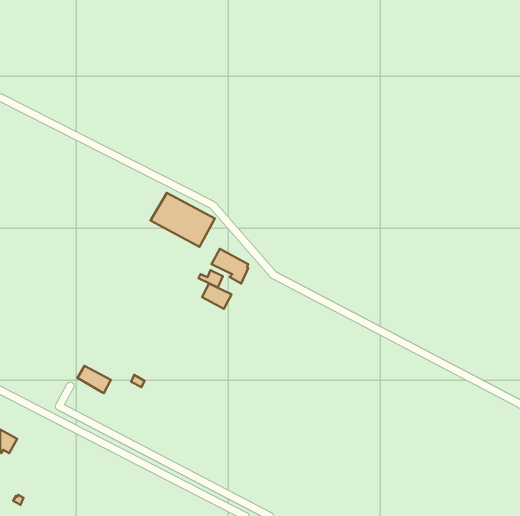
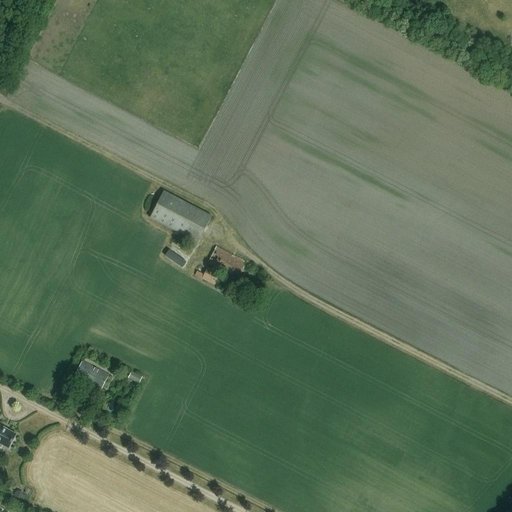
building: [202,284,231,309] -> none

